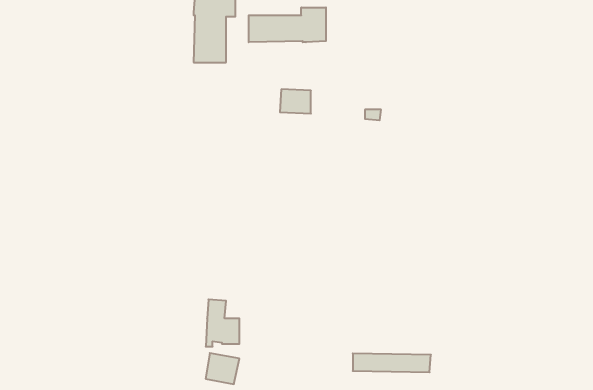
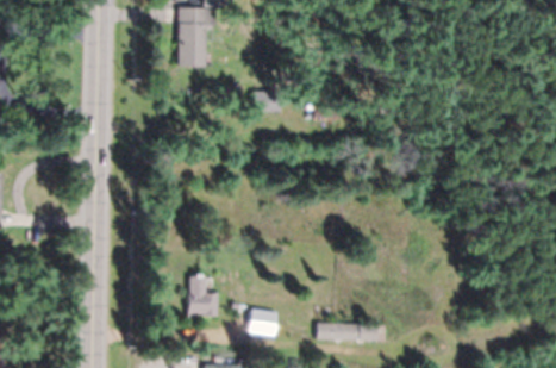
building: [249,7,326,42] -> none
building: [206,353,239,384] -> [248,308,277,336]

